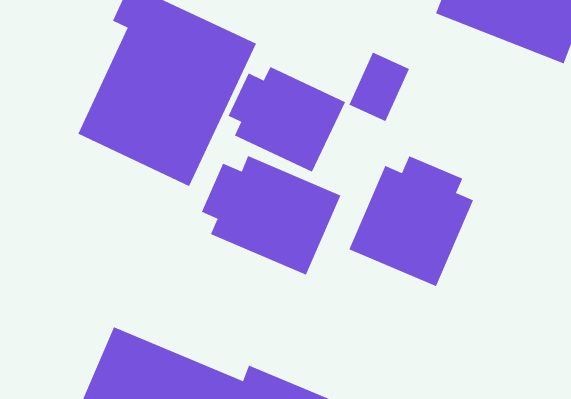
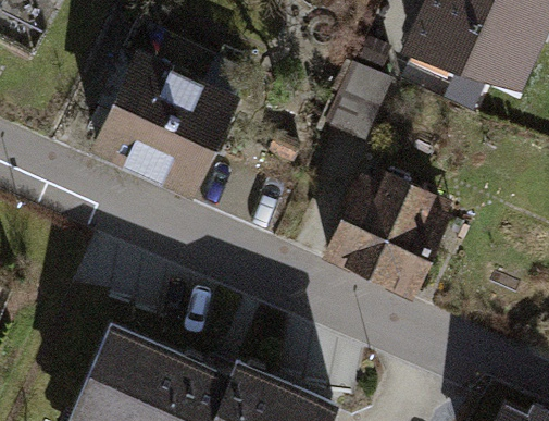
building: [228,66,346,172] -> none
building: [201,155,341,276] -> none

